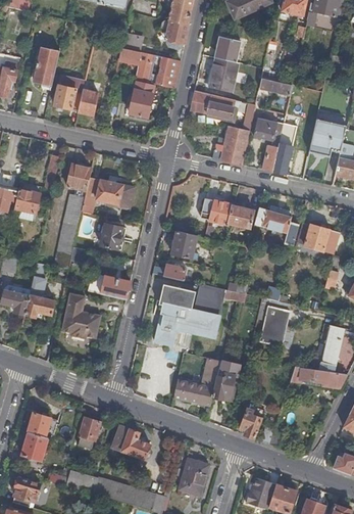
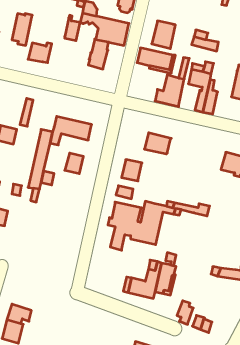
building: [214,37,240,61] -> none
building: [78,83,97,114] -> [65,15,80,41]
building: [65,162,91,190] -> none
building: [227,205,252,227] -> none
building: [253,207,291,233] -> none
building: [87,273,130,298] -> none
building: [61,292,100,338] -> none
building: [23,294,53,317] -> none
building: [259,305,288,346] -> none
building: [77,417,99,450] -> none
building: [111,425,149,459] -> none

